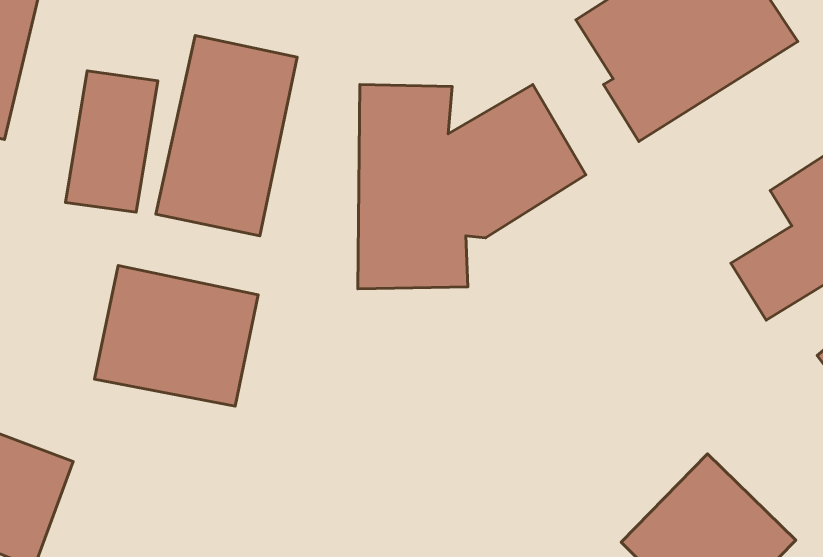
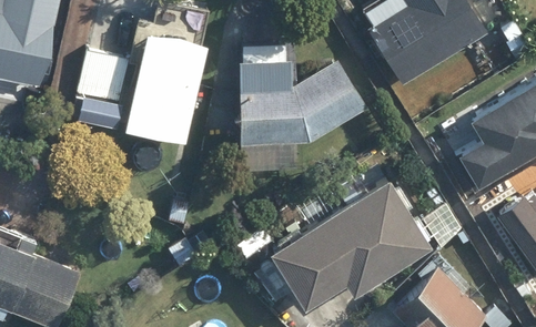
building: [95,266,258,406] -> none
building: none -> [270,177,435,309]

